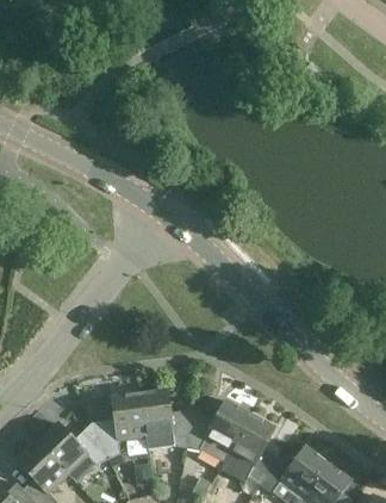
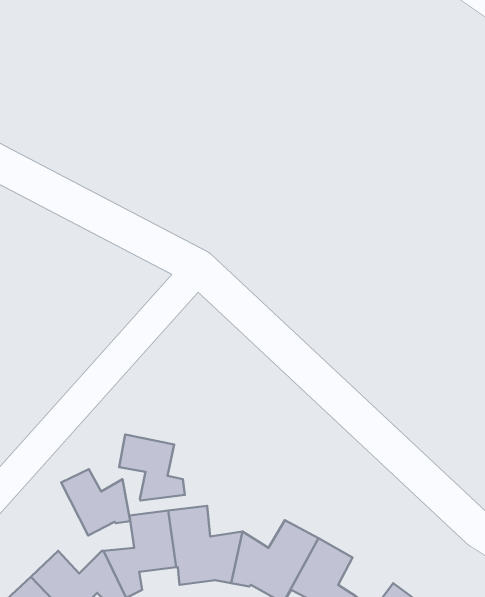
building: none -> [119,435,185,500]
building: none -> [61,469,130,535]

